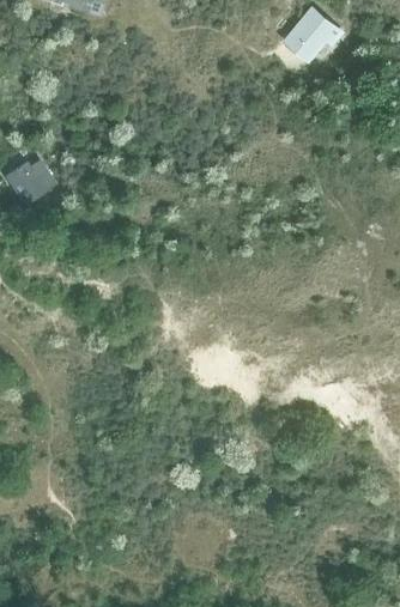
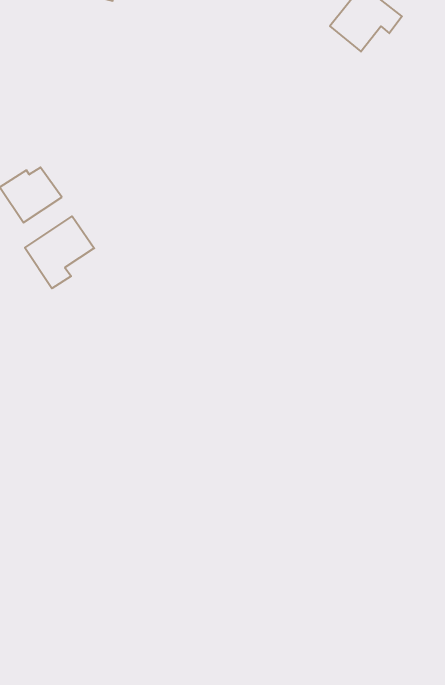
building: none -> [25,216,94,288]

